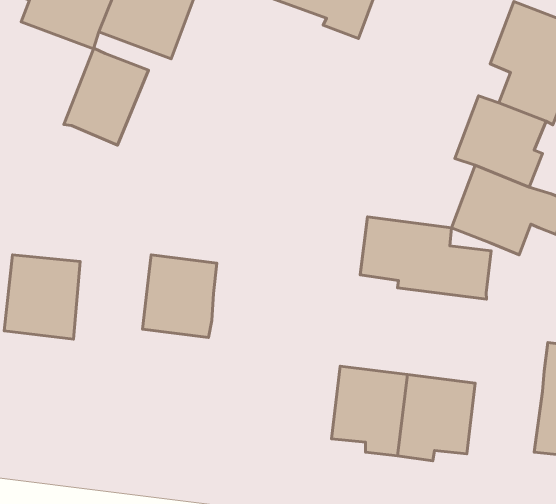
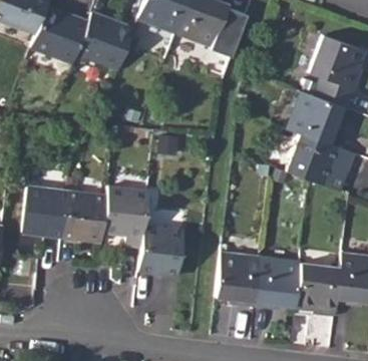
building: [64,48,148,145] -> none
building: [360,217,491,299] -> none
building: none -> [62,191,107,241]
building: none -> [138,226,183,277]
building: none -> [296,263,341,317]

